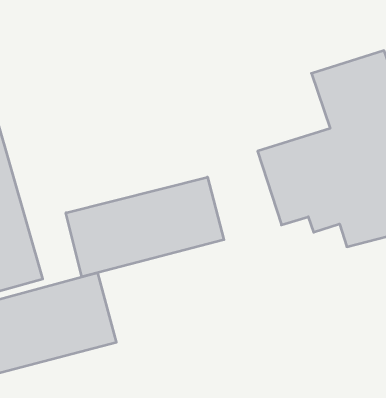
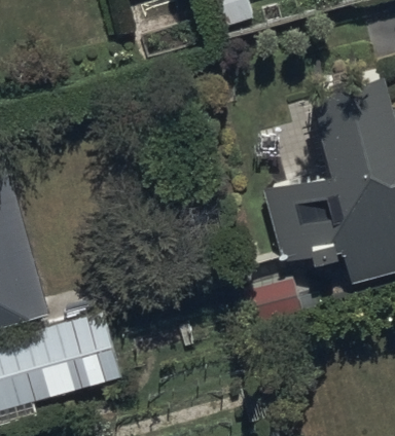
building: [66,177,224,277] -> none

